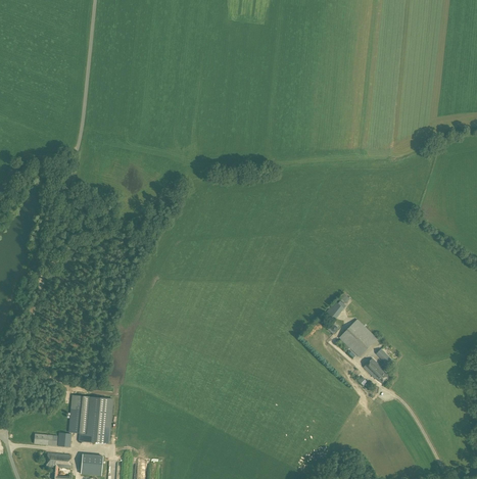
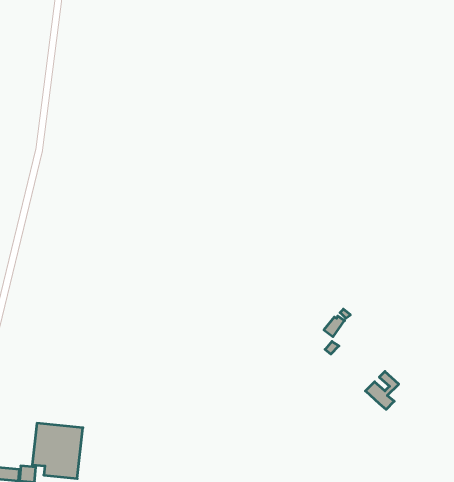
building: [338,319,378,356] -> none

